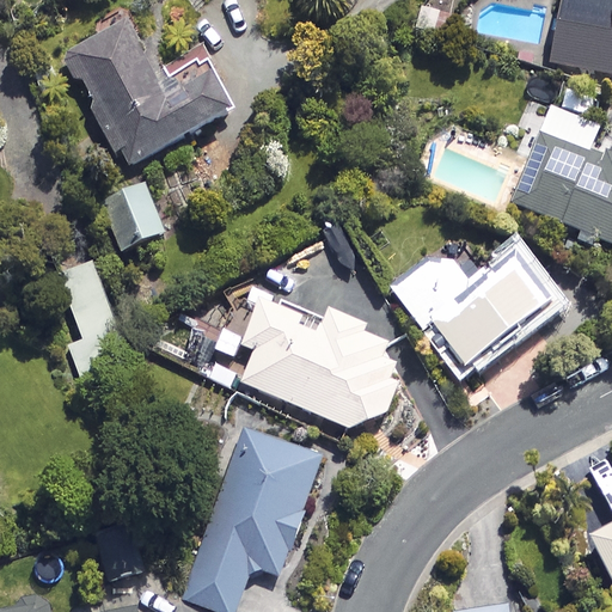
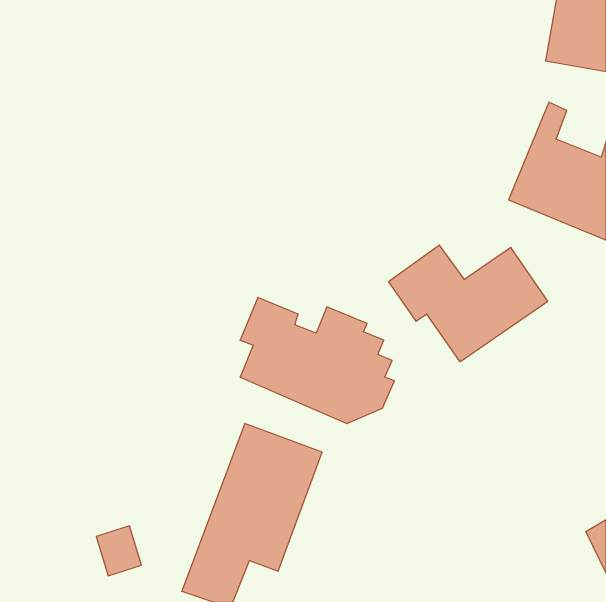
building: [65,20,231,165] -> none
building: [100,182,165,249] -> none
building: [62,263,127,374] -> none

